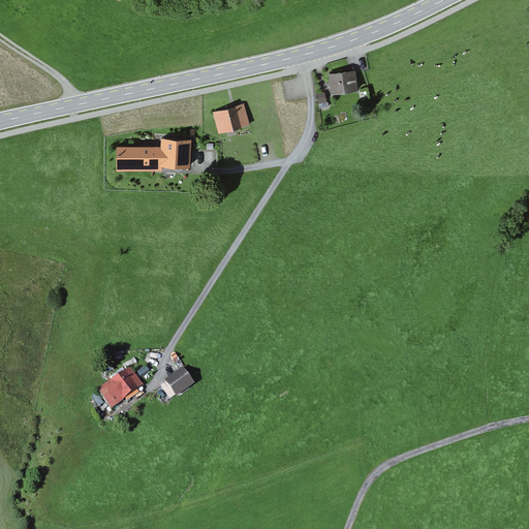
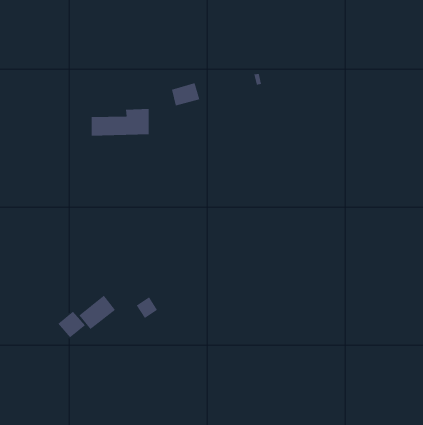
building: [332,70,361,93] -> none
building: none -> [57,311,86,338]

